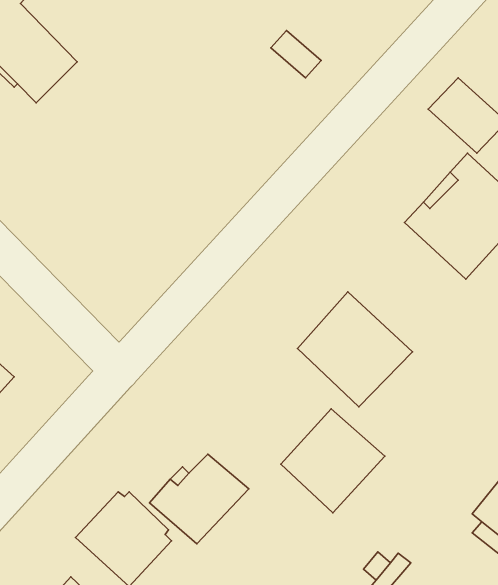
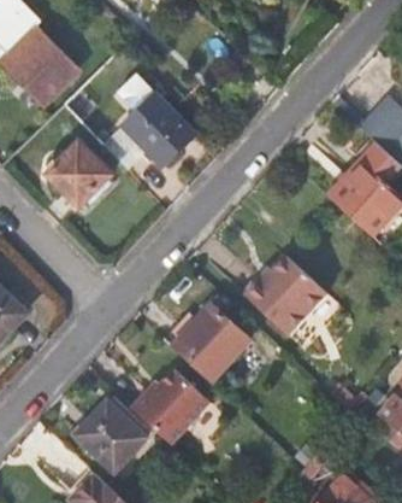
building: none -> [104,75,195,170]
building: none -> [45,141,112,209]
building: [281,409,385,513] -> [172,304,252,384]

